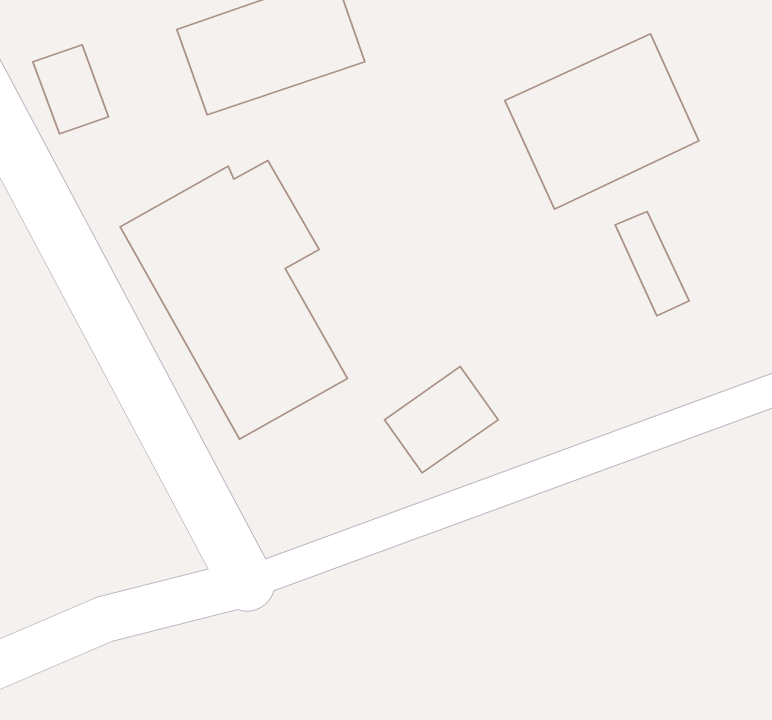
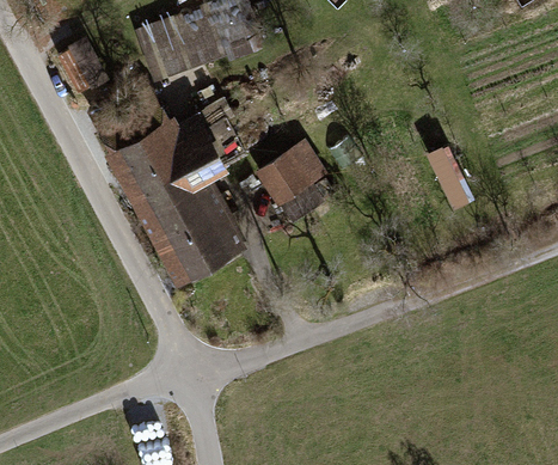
building: [505,34,699,209] -> none
building: [384,367,498,473] -> [255,142,326,209]

